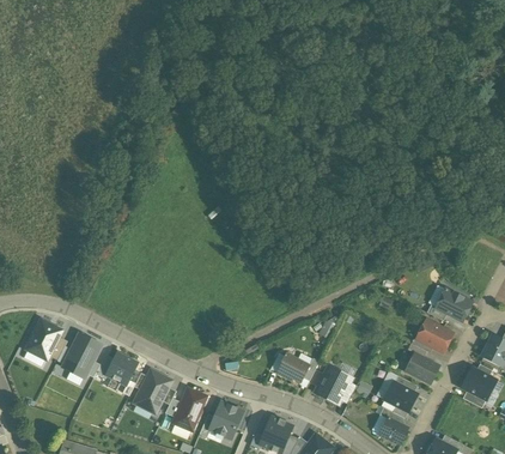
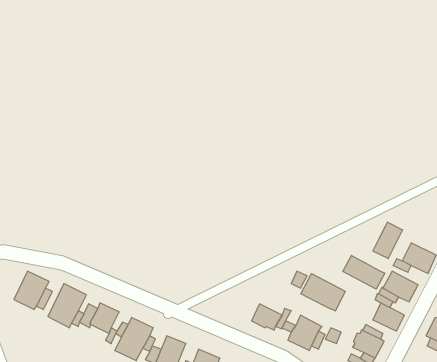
building: none -> [373,222,403,259]
building: none -> [343,255,385,289]
building: none -> [301,274,345,311]

